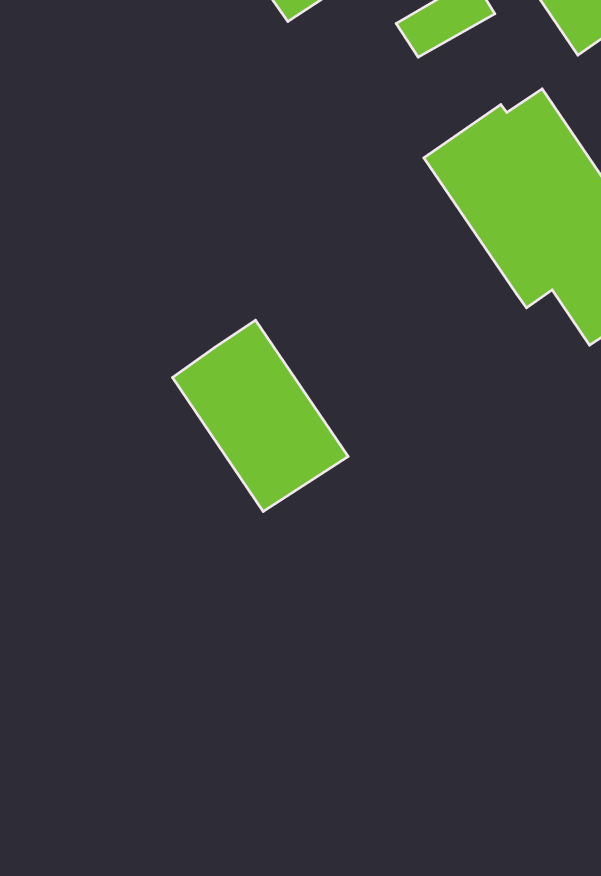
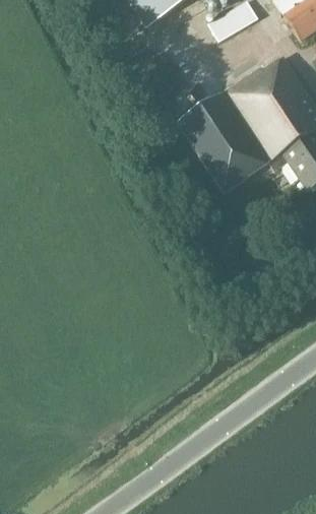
building: [173,320,348,512] -> [178,92,268,191]

